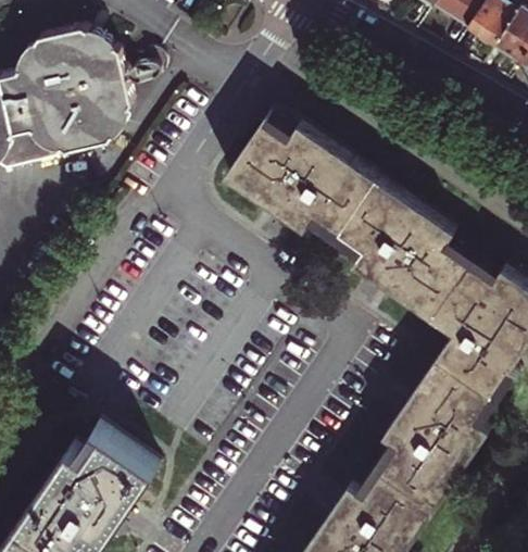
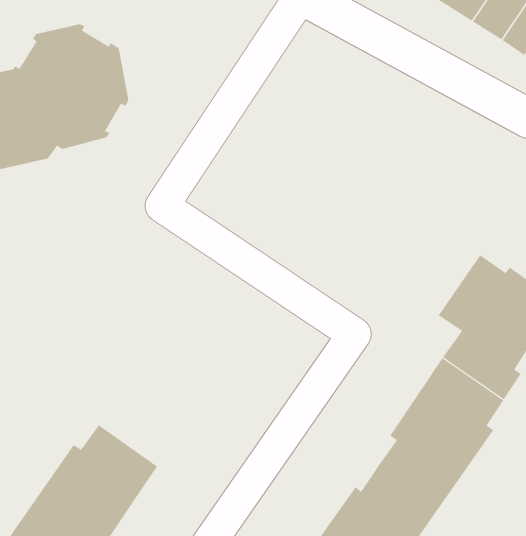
building: [228,114,475,316] -> none

